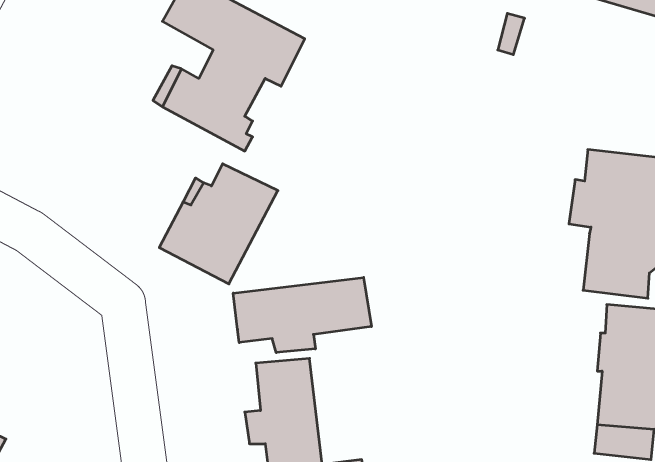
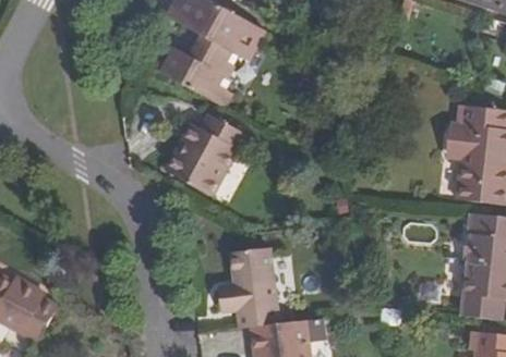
building: [233,277,371,353] -> none

